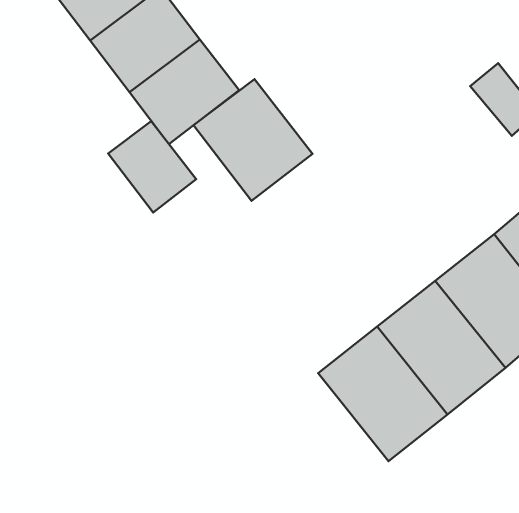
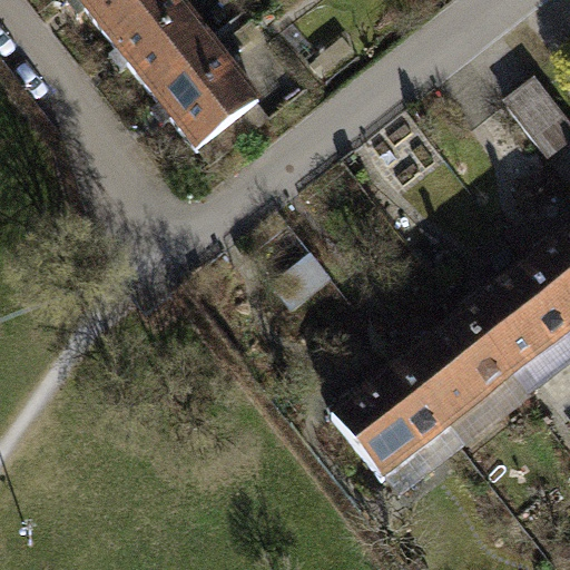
building: [194,79,313,201] -> none
building: [108,121,196,212] -> none

